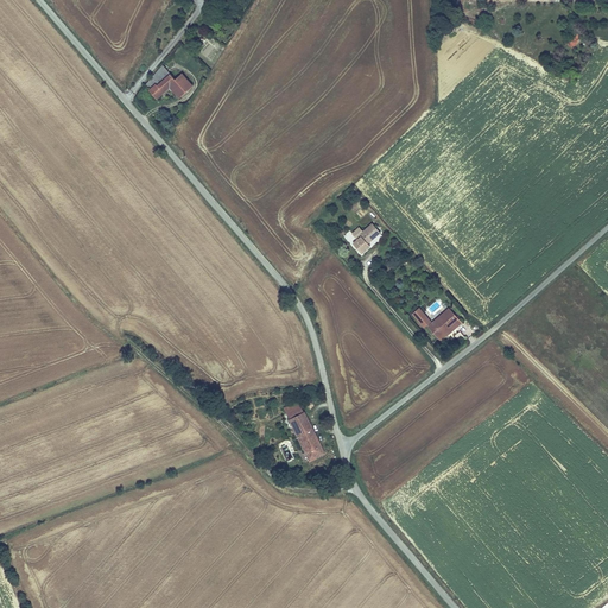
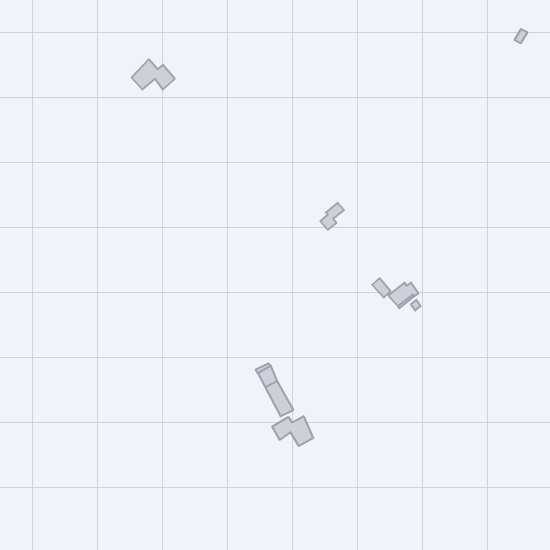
building: none -> [272,416,313,446]

